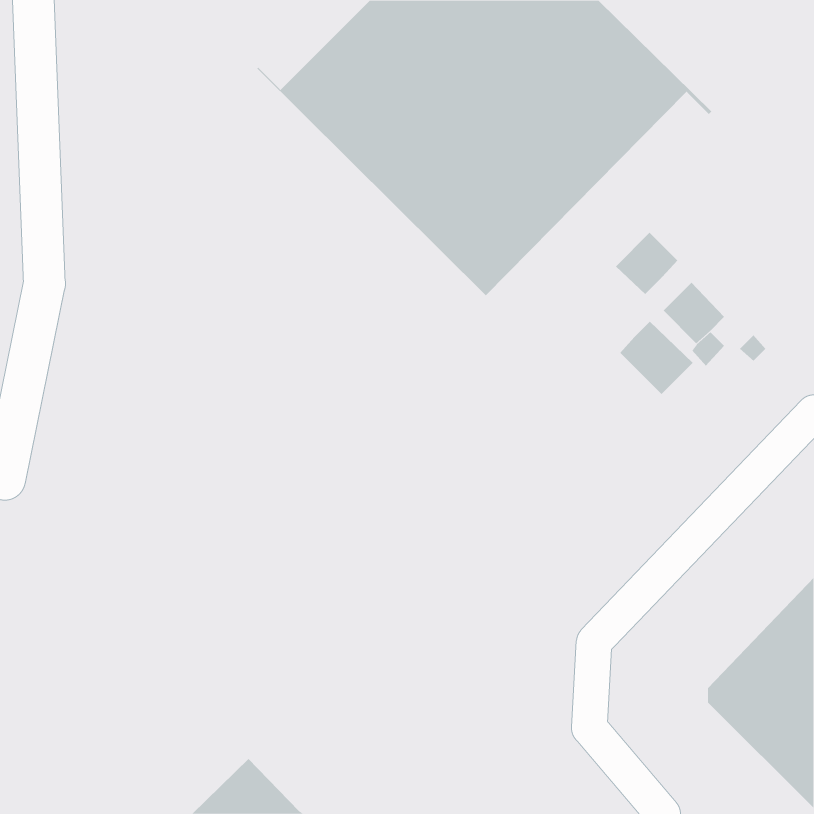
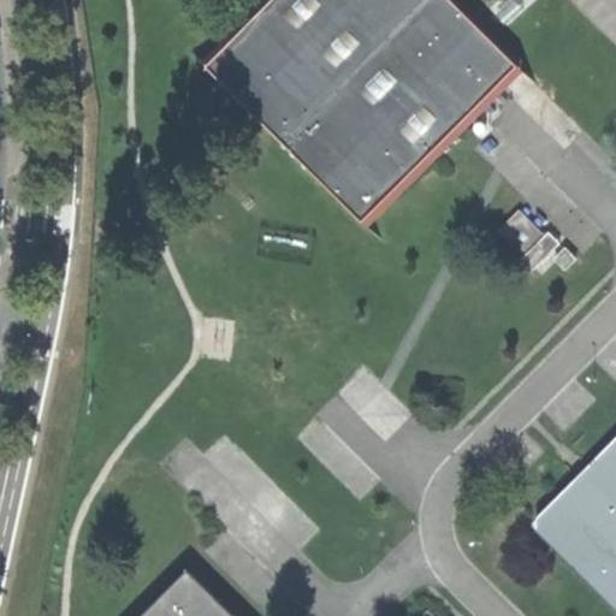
building: [615,232,678,295] -> none
building: [620,321,694,395] -> none

